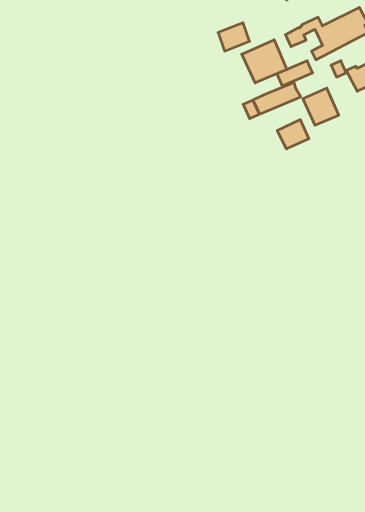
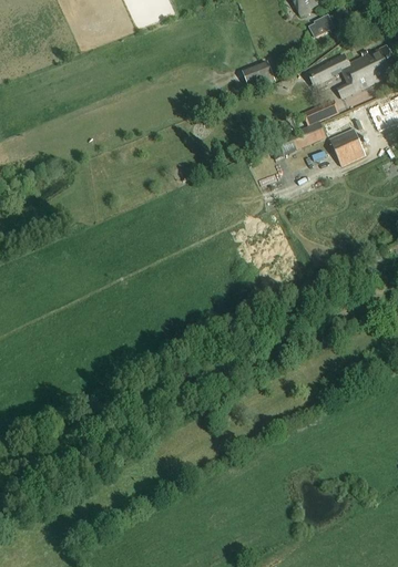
building: [242,40,287,83] -> none
building: [277,120,309,149] -> none

